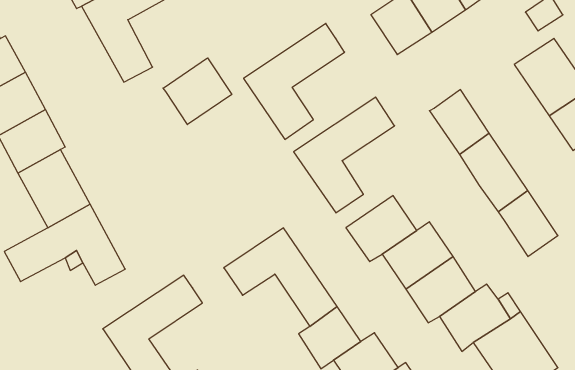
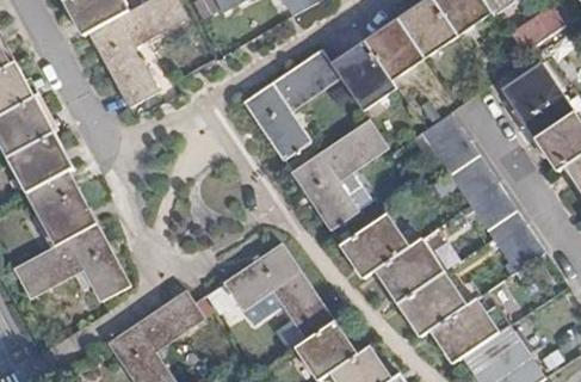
building: none -> [332,41,396,110]
building: [163,58,232,125] -> none

